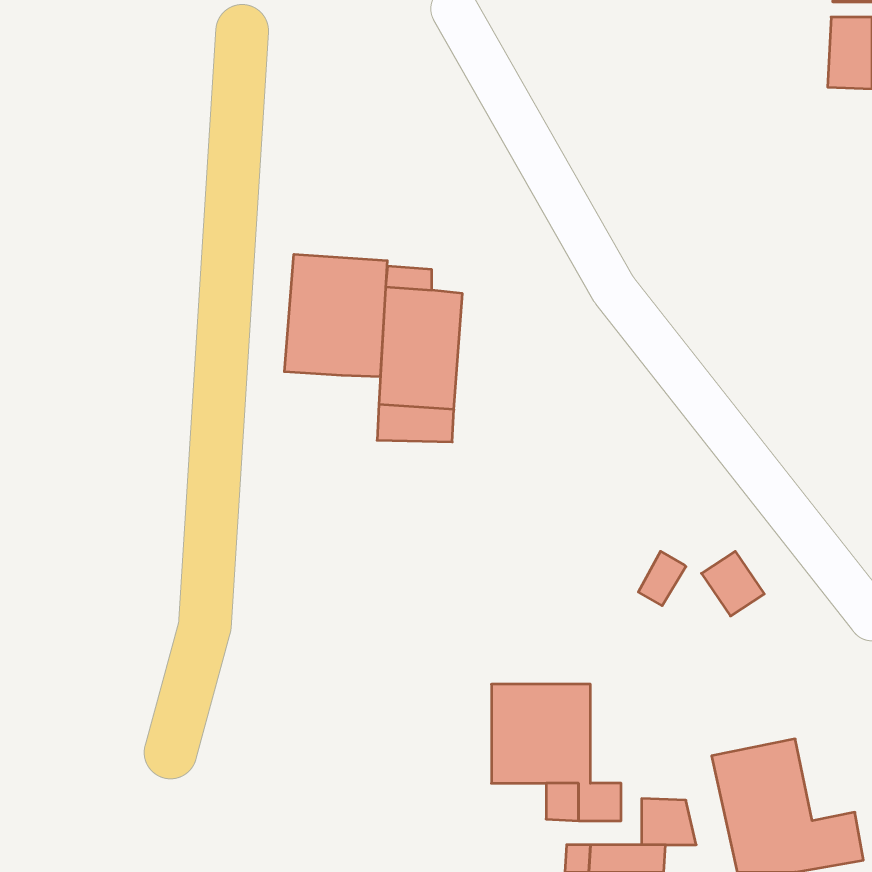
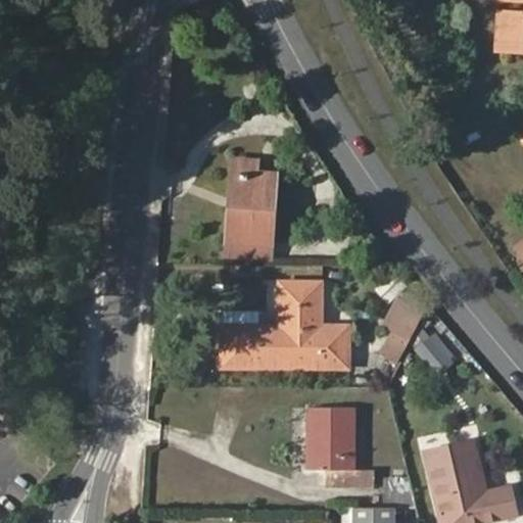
building: [284,254,387,377] -> none
building: none -> [223,285,349,367]
building: none -> [387,296,425,338]

